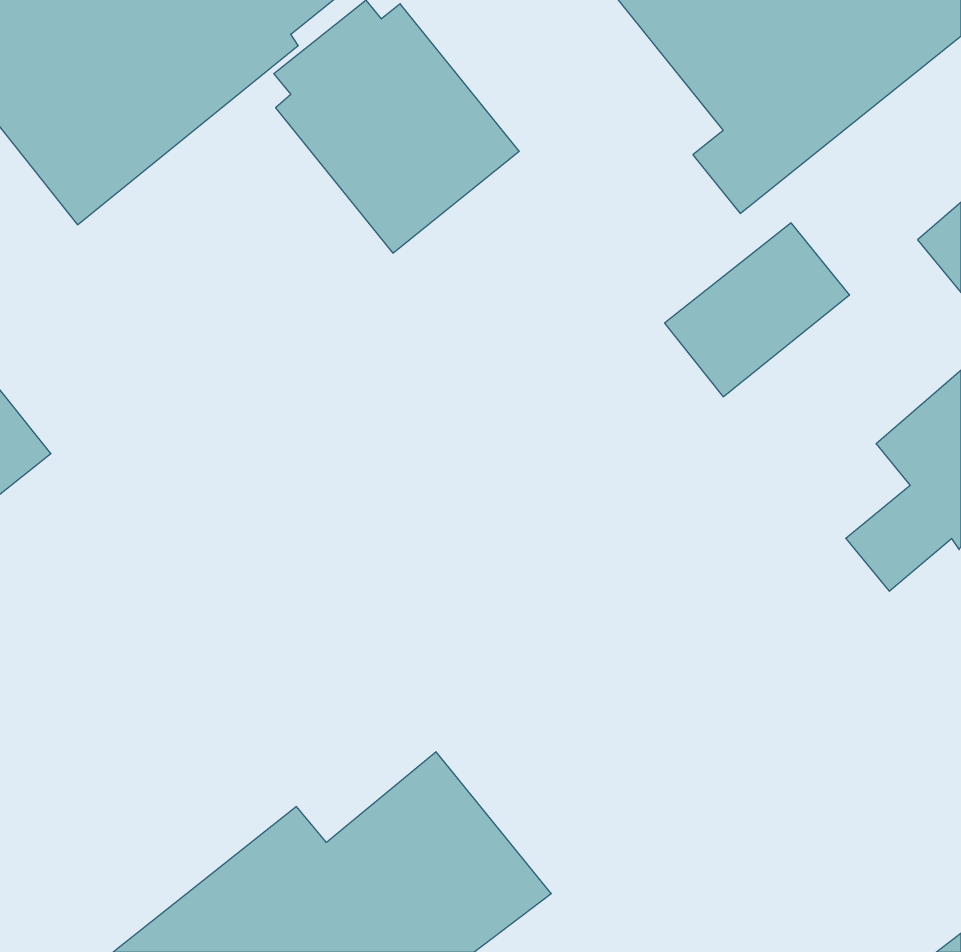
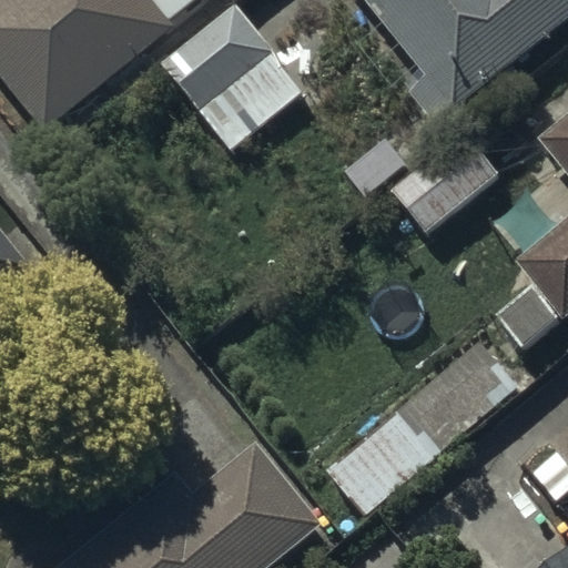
building: none -> [326,335,519,516]

